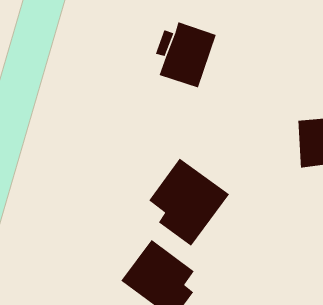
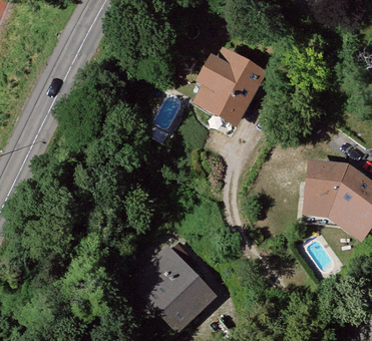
building: [148,157,230,247] -> none

